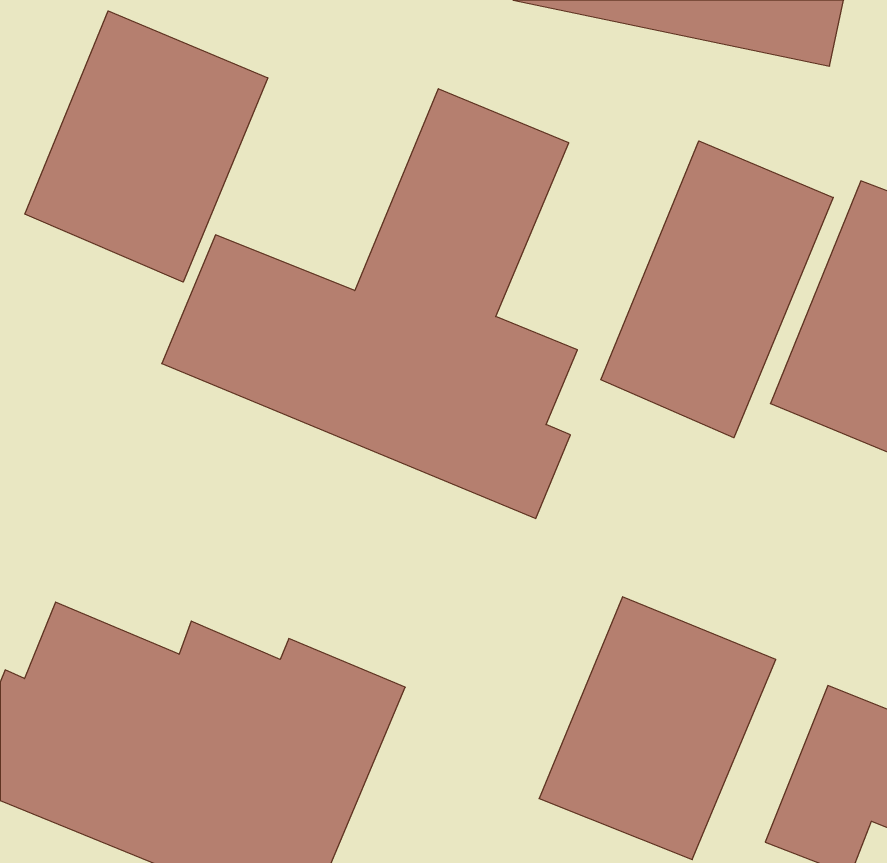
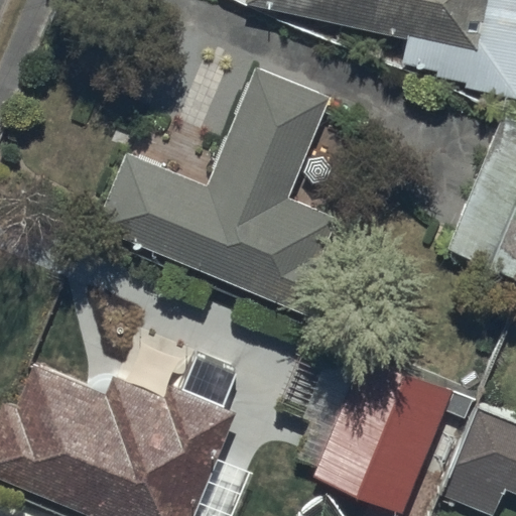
building: [25,11,268,282] -> none
building: [601,141,833,438] -> none

